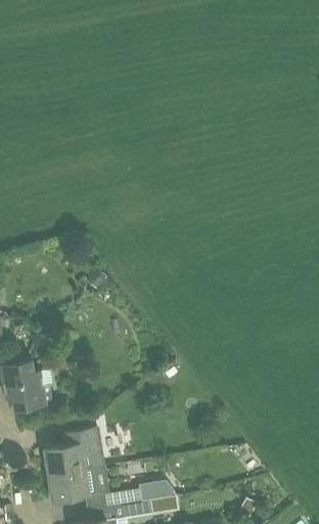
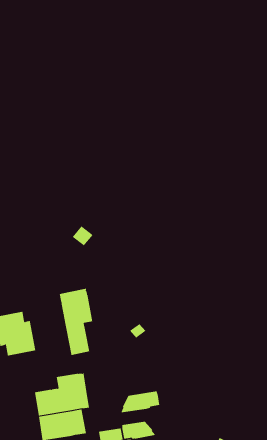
building: none -> [59,288,93,356]
building: none -> [121,391,160,413]

